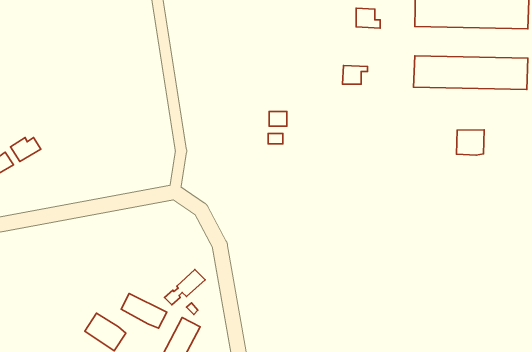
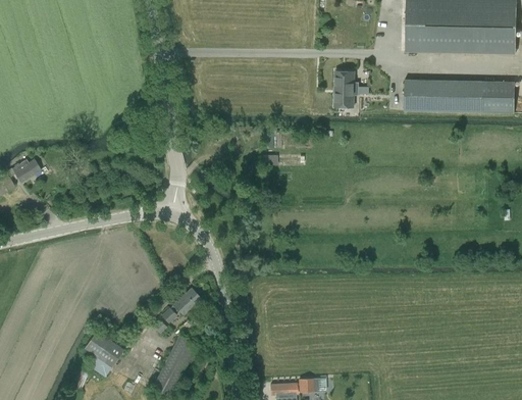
building: [356,8,380,28] -> [335,70,359,90]
building: [457,130,484,155] -> none
building: [121,293,167,328] -> none

